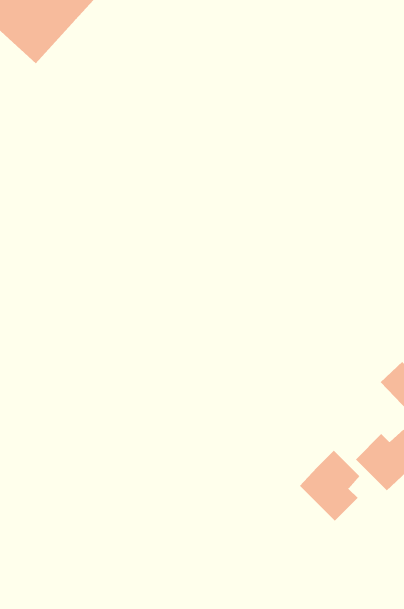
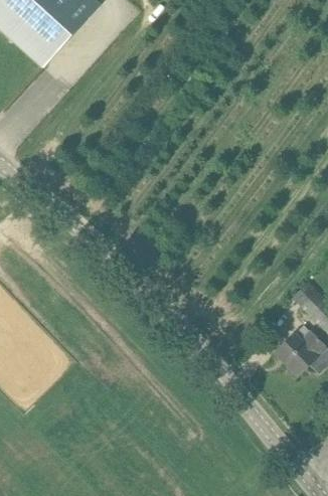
building: [299,450,360,522] -> none

